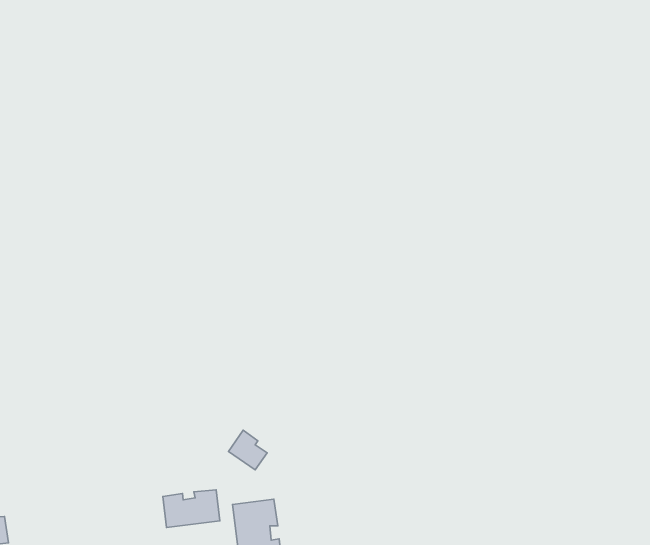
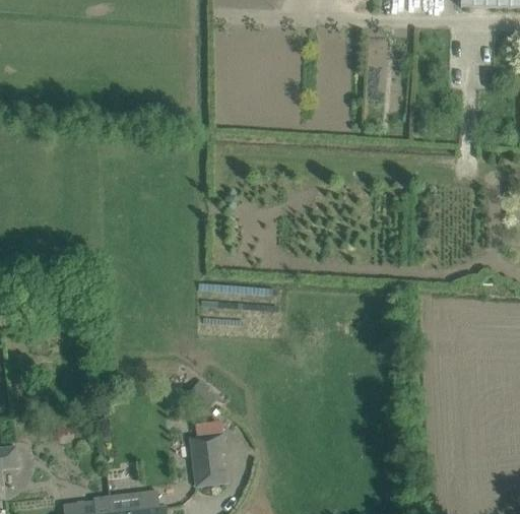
building: [163,490,220,527] -> none

